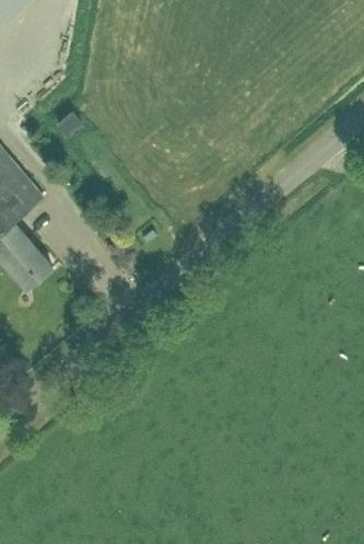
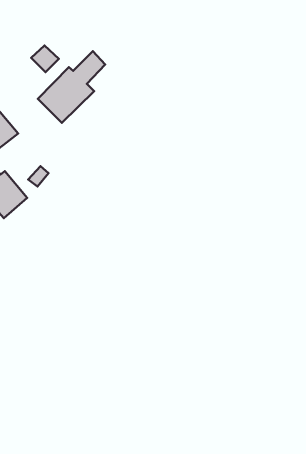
building: none -> [38,51,105,123]

